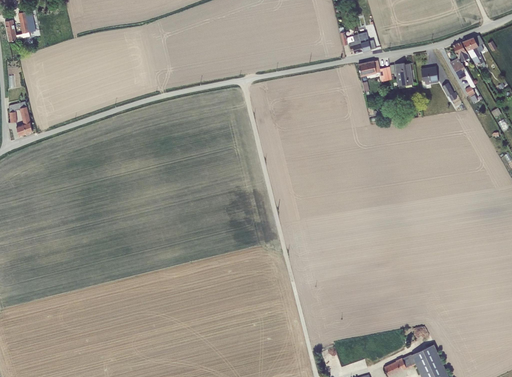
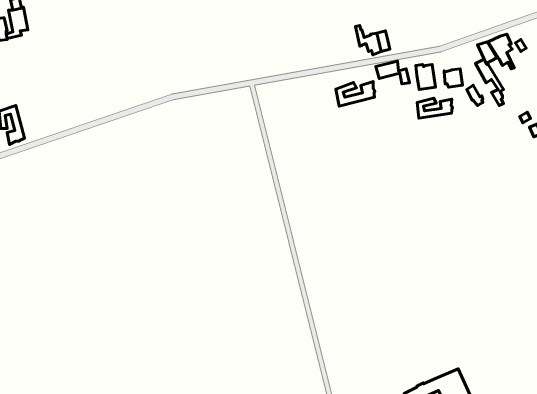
building: none -> [336,82,375,106]
building: none -> [417,98,453,118]

